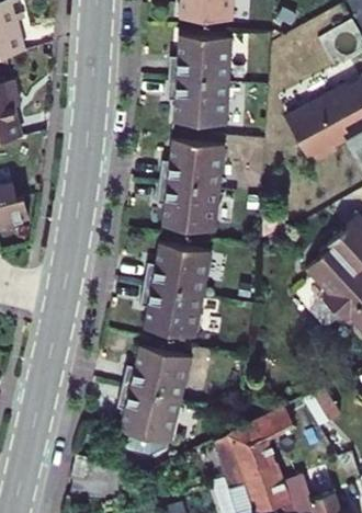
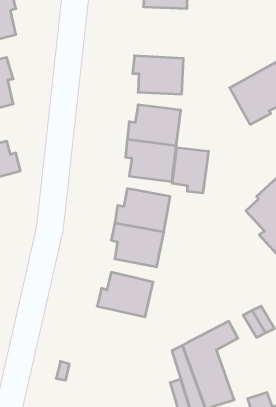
building: [169,35,231,82] -> none
building: none -> [172,148,208,193]
building: [118,387,182,444] -> none

